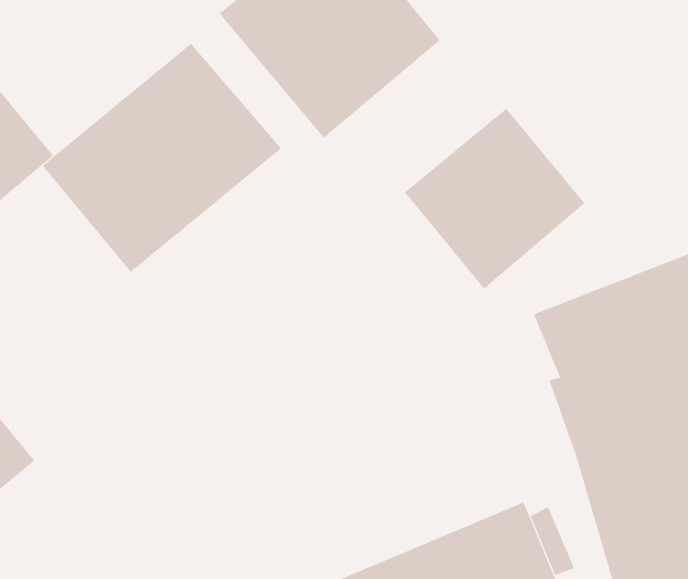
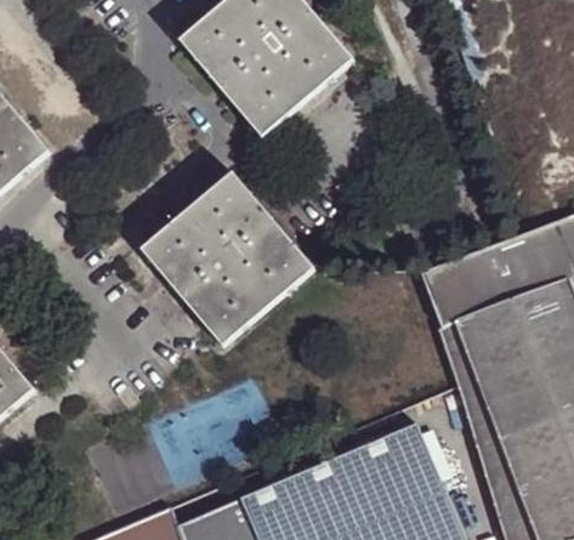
building: [42,43,282,273] -> none
building: [404,108,585,289] -> none
building: none -> [154,169,326,345]

